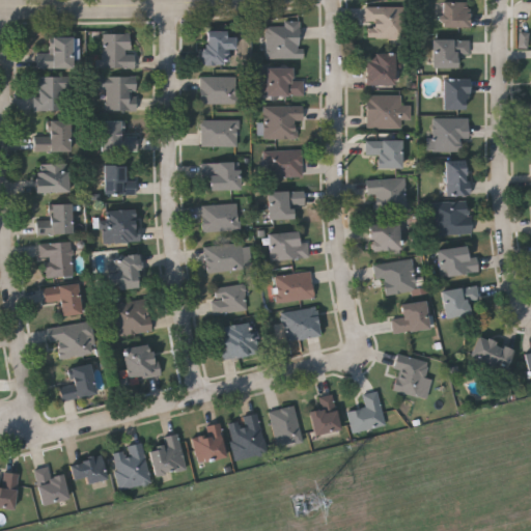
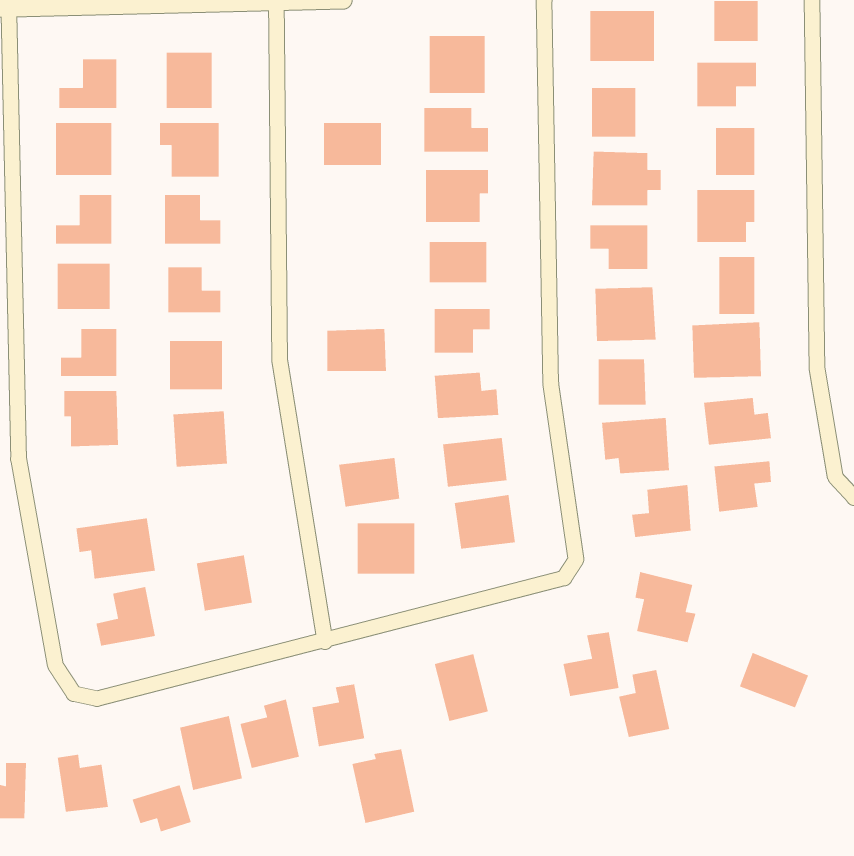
building: [202,32,234,64] -> none
building: [200,119,239,145] -> none
building: [201,162,239,190] -> none
building: [204,242,251,272] -> none
building: [43,282,81,315] -> none
building: [111,299,151,336] -> none
building: [470,335,513,370] -> [739,652,809,709]
building: [309,394,341,437] -> [618,669,670,738]
building: [227,413,267,459] -> [351,749,415,824]
building: [69,454,107,484] -> [132,784,192,833]

